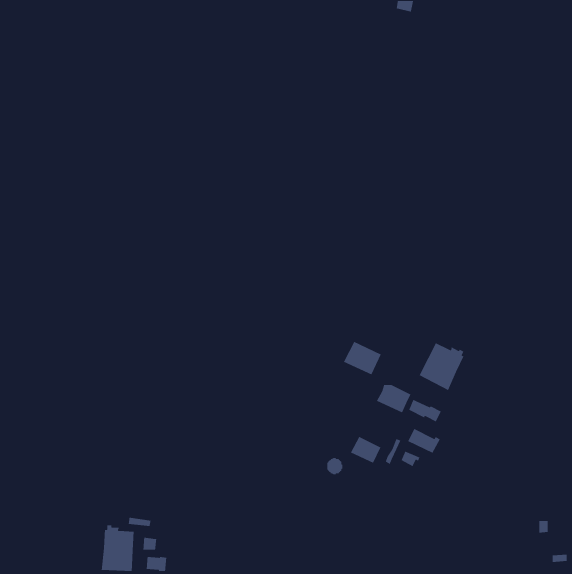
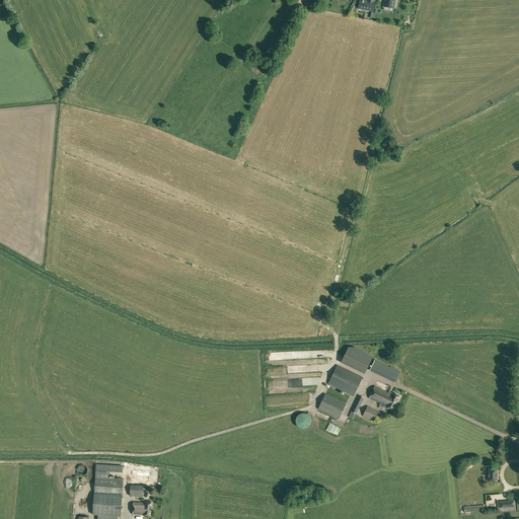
building: [343,341,382,376] -> [326,365,362,396]
building: [419,342,465,391] -> none

